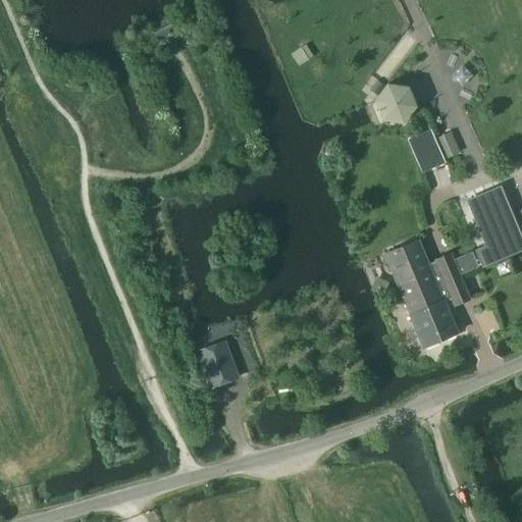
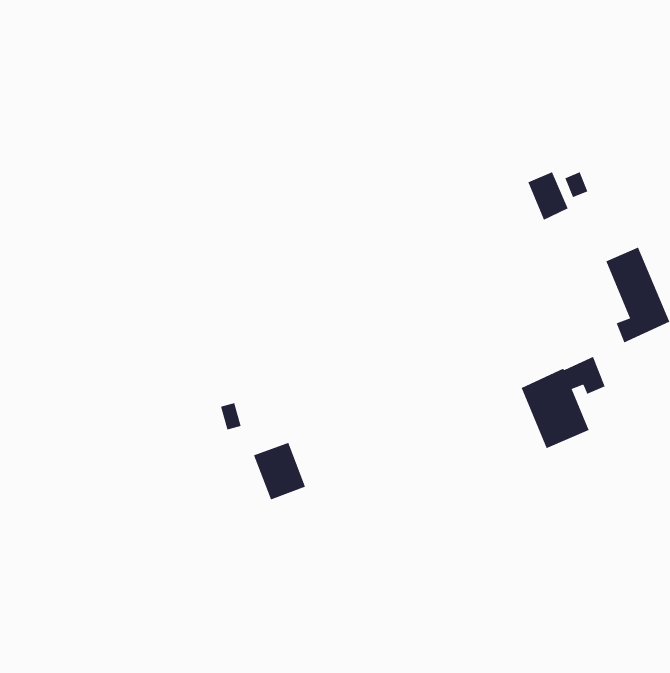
building: [376,84,417,122] -> none
building: [386,240,462,300] -> none

